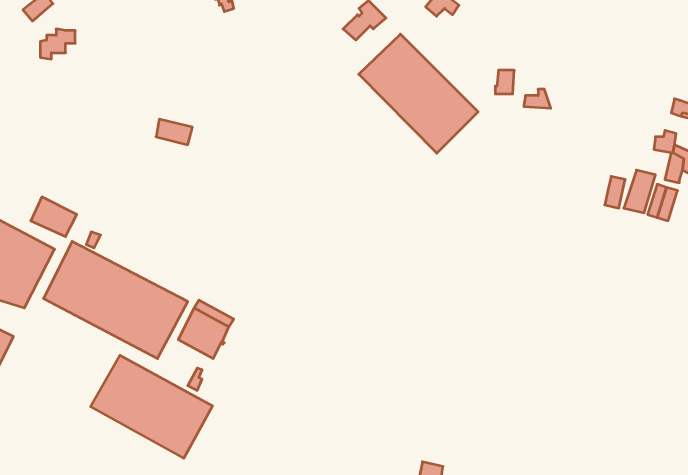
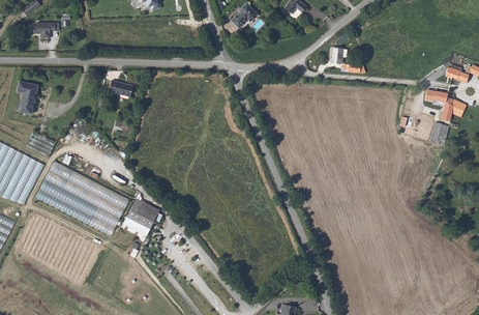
building: [359,34,478,153] -> none
building: none -> [16,81,37,114]
building: [91,355,212,458] -> none

